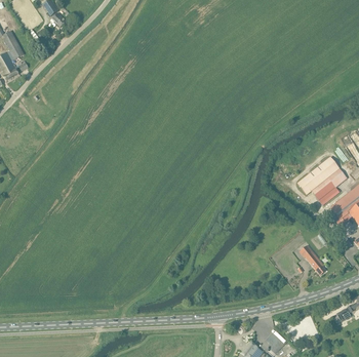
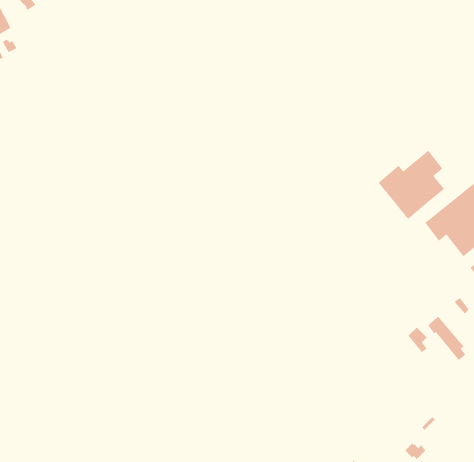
building: none -> [378,150,445,220]

